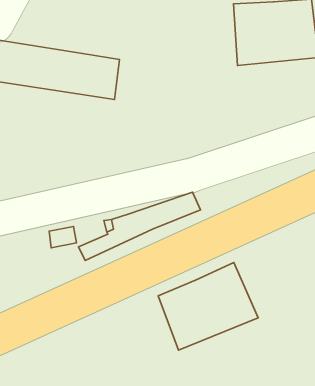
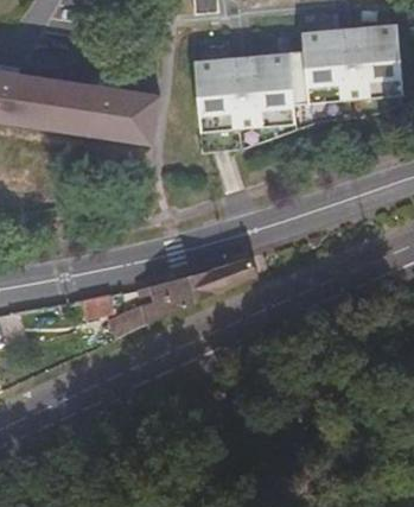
building: none -> [190,46,302,131]
building: [158,262,258,350] -> none

